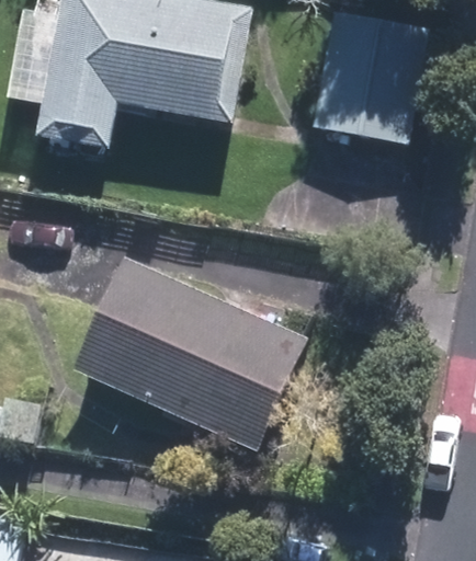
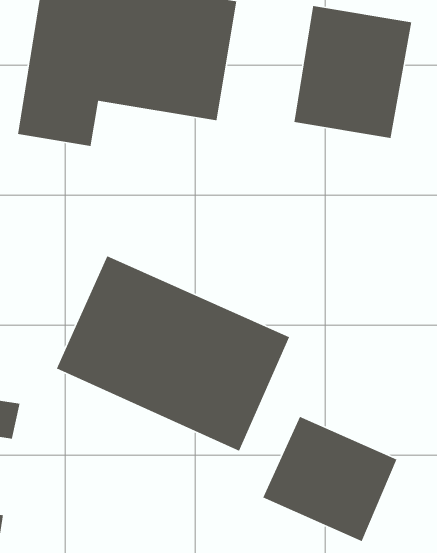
building: none -> [262,416,398,542]

